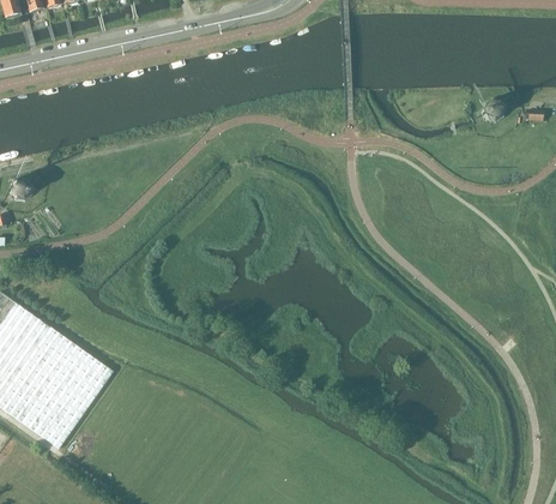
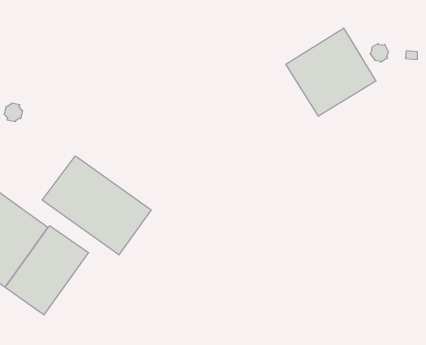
building: none -> [286,28,376,116]
building: none -> [42,156,151,255]

